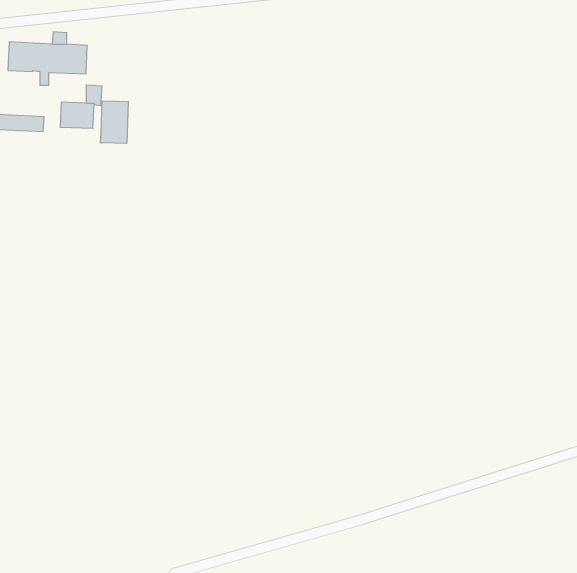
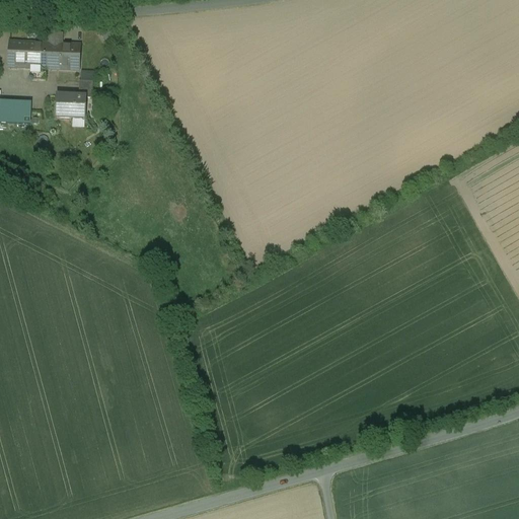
building: [101,101,128,143] -> none

